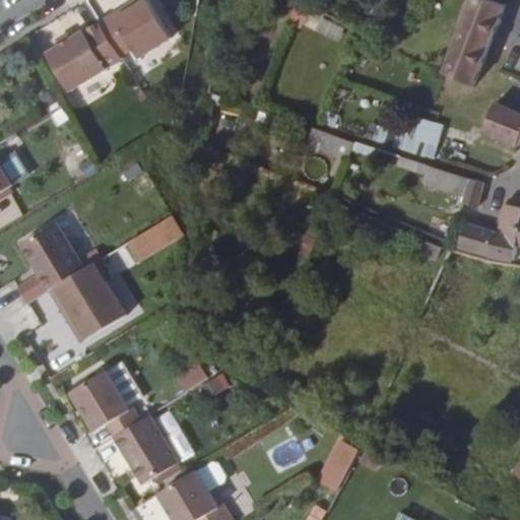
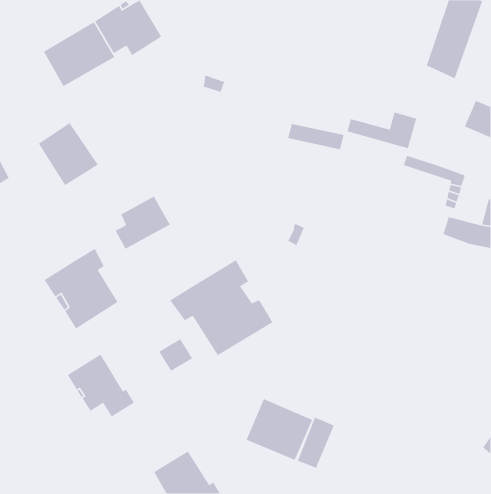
building: [17,226,81,294] -> [38,122,99,186]
building: none -> [169,259,274,356]
building: [117,416,180,484] -> none
building: none -> [246,398,313,461]

